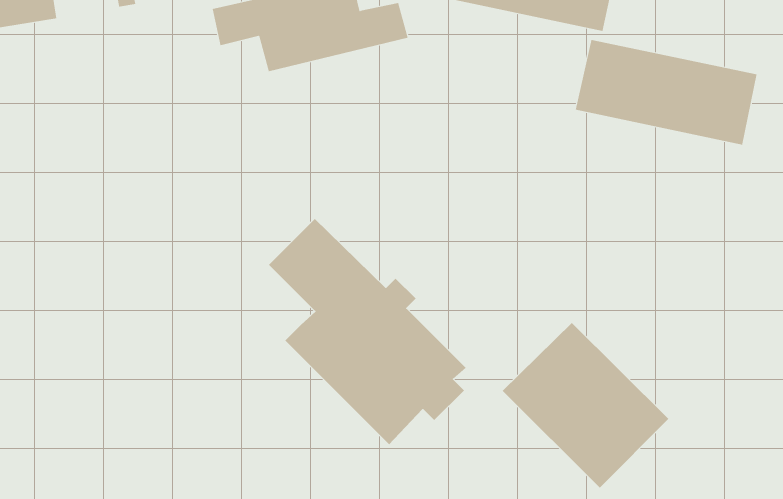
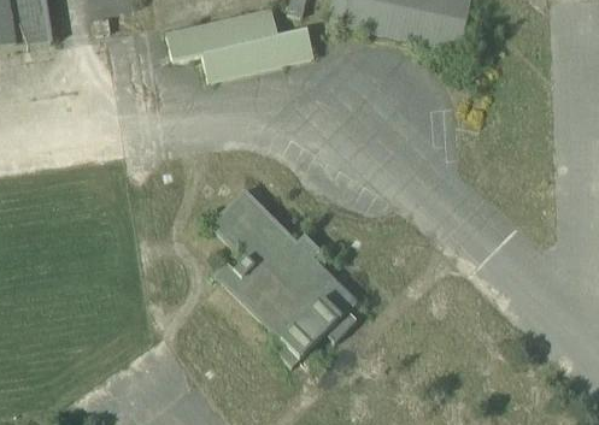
building: [575,39,757,146] -> none
building: [502,322,669,489] -> none

